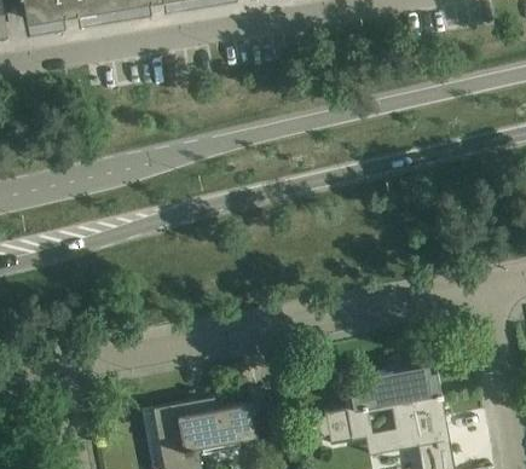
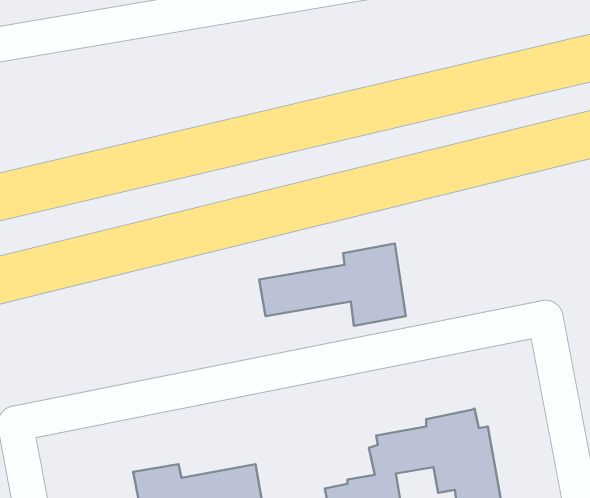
building: none -> [259,243,406,326]

